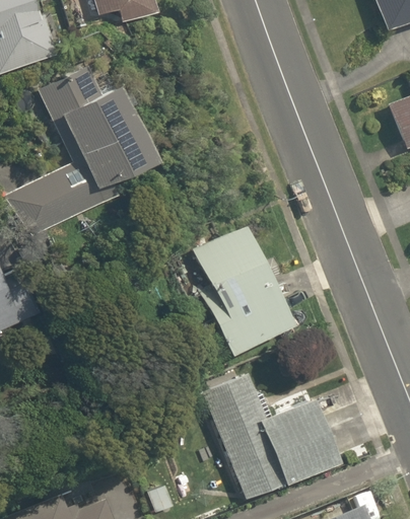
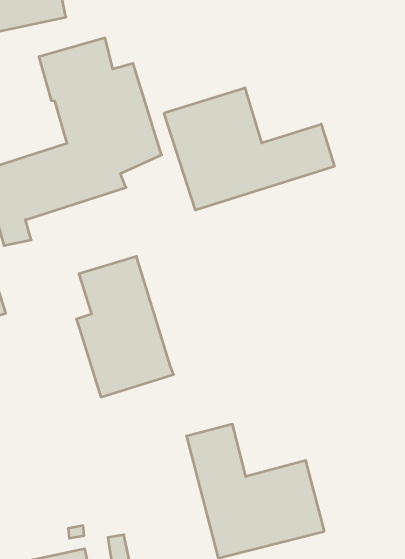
building: none -> [164,88,334,210]
building: [195,227,286,350] -> [76,256,174,397]

